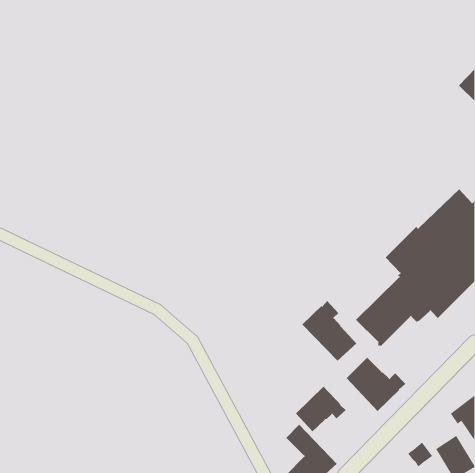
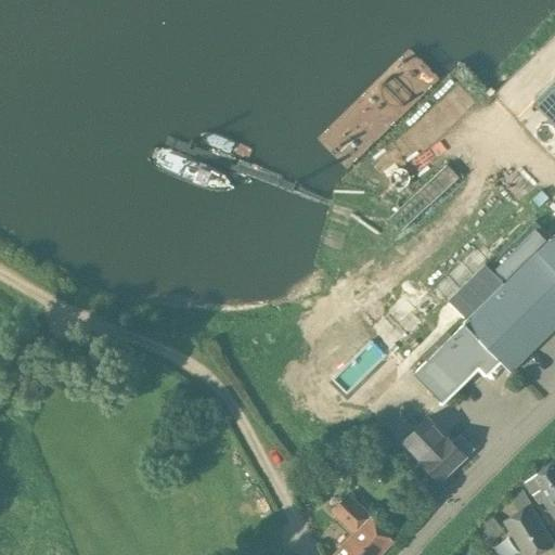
building: [302,300,357,361] -> none
building: [295,386,347,432] -> none

